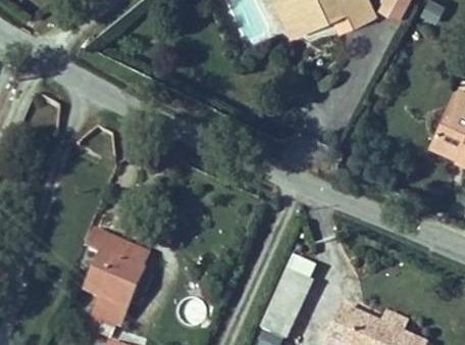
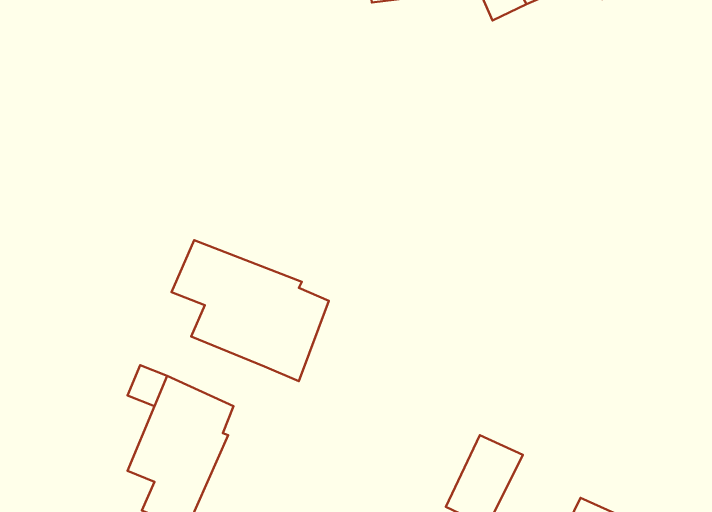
building: none -> [172,240,329,381]

